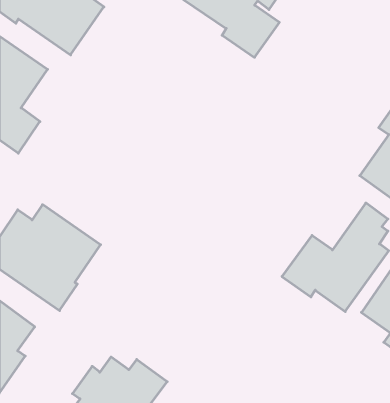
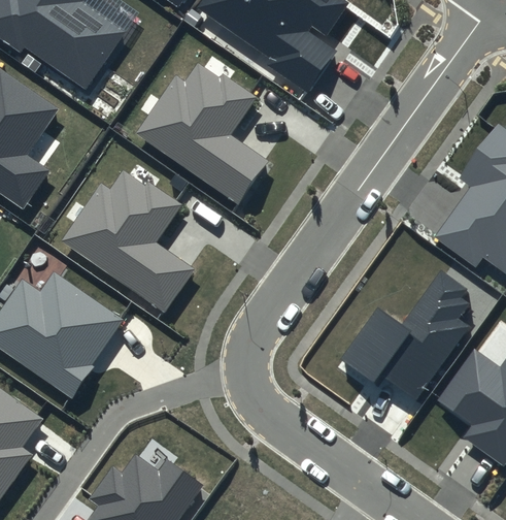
building: none -> [136,64,267,203]
building: none -> [61,170,193,313]

